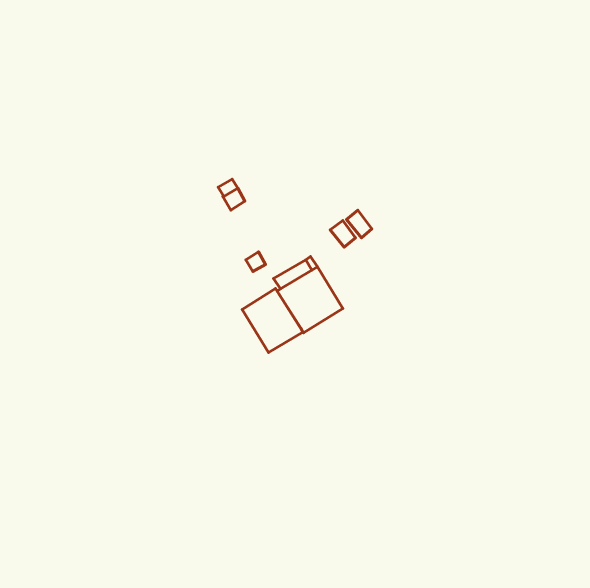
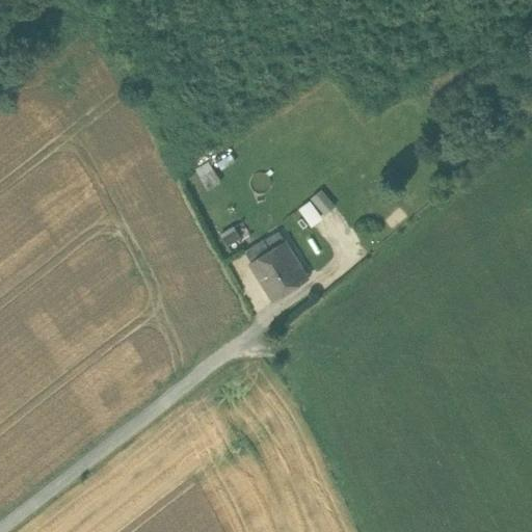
building: [242,289,303,352] -> none

